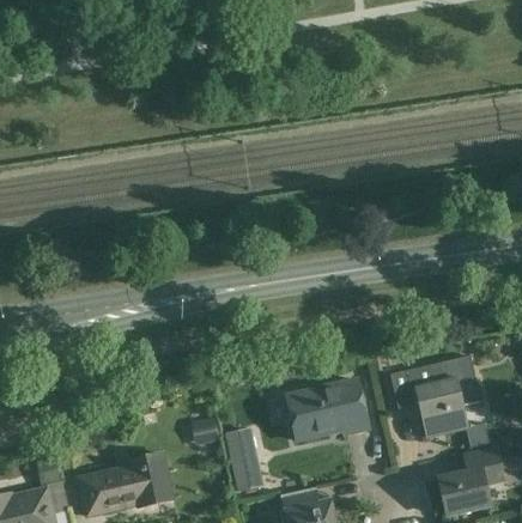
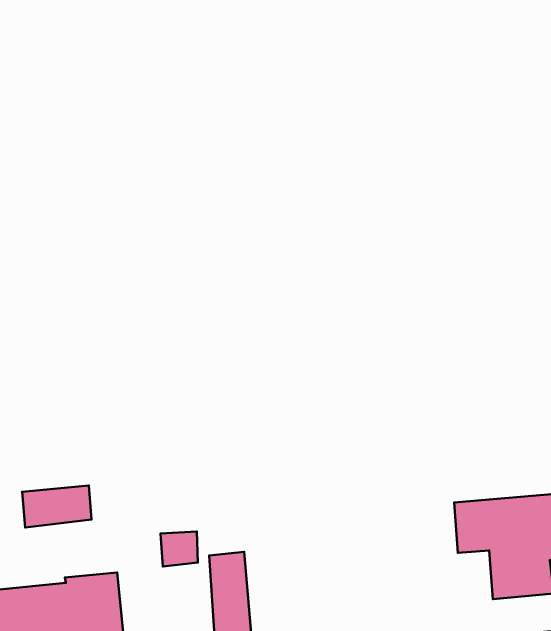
building: [286,379,369,442] -> none
building: none -> [22,486,91,527]

